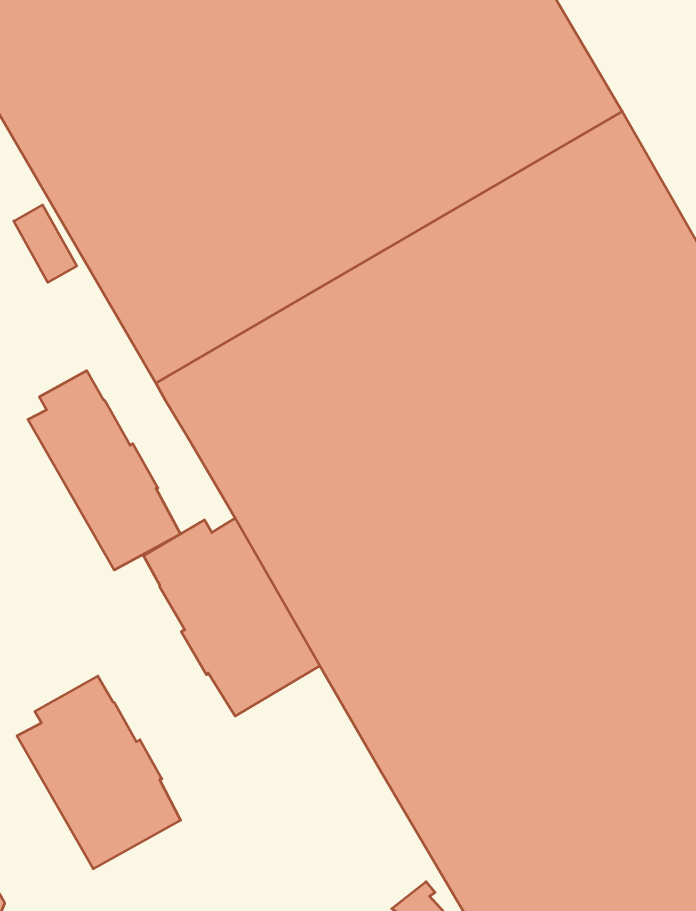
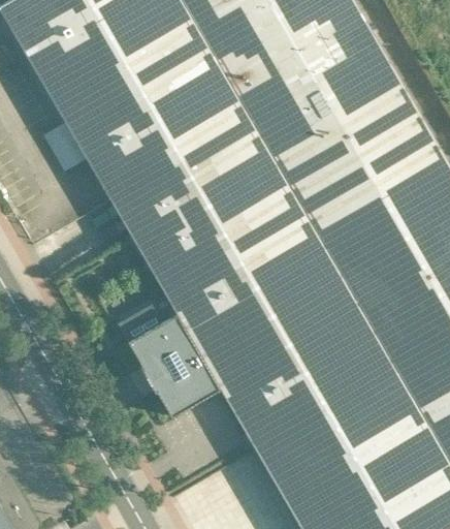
building: [28,371,180,570] -> none
building: [17,676,181,869] -> none

